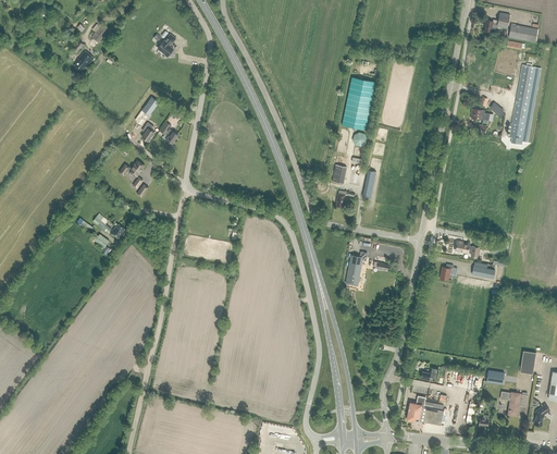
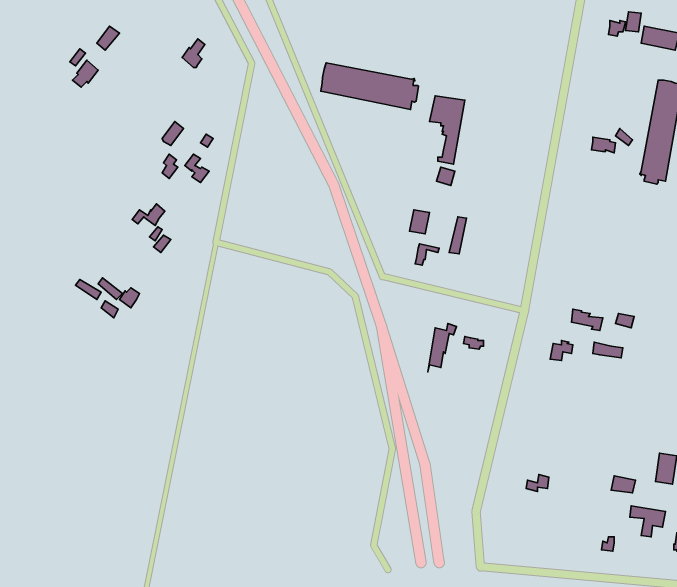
building: none -> [321,63,419,110]
building: [406,395,443,425] -> none

